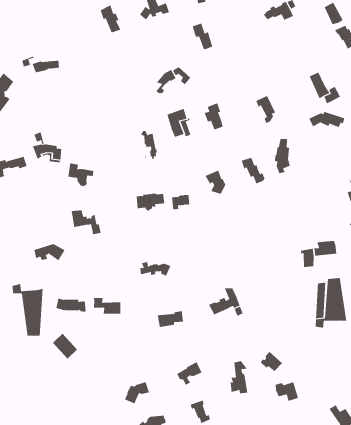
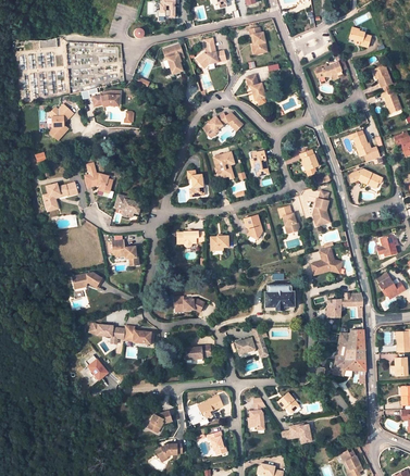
building: none -> [311,246,343,275]
building: none -> [263,284,295,310]
building: [12,283,43,337] -> none

